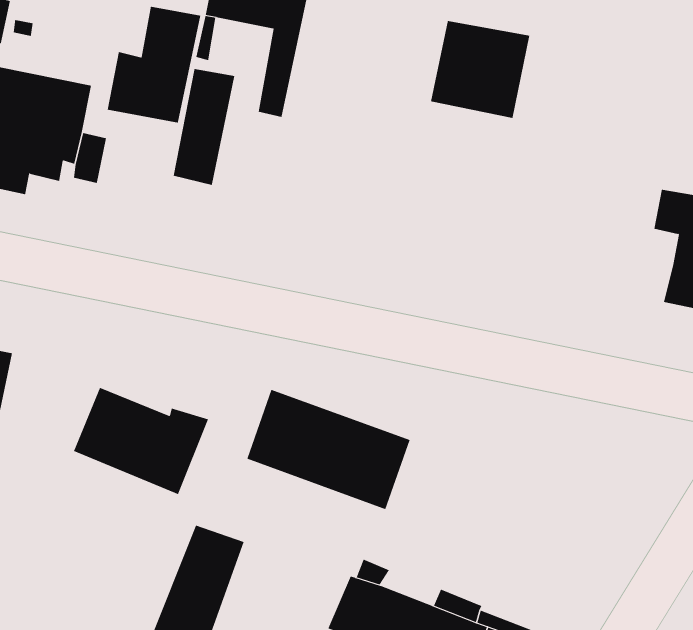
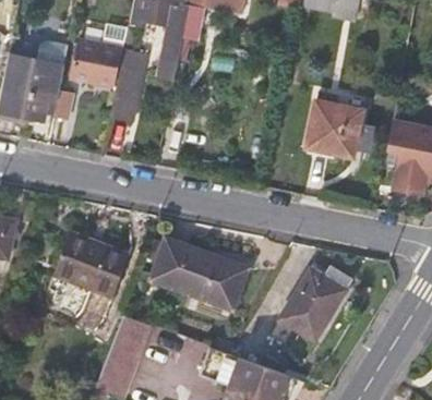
building: [430,20,530,118] -> [305,101,363,158]
building: none -> [269,266,353,342]

